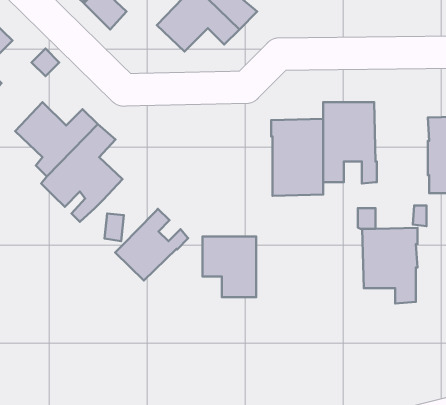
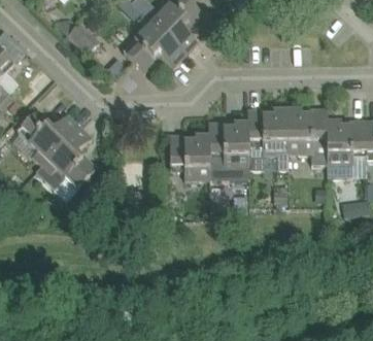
building: [115,209,188,281] -> none
building: [362,228,417,303] -> [285,108,327,165]
building: [202,237,256,297] -> [169,135,209,180]

